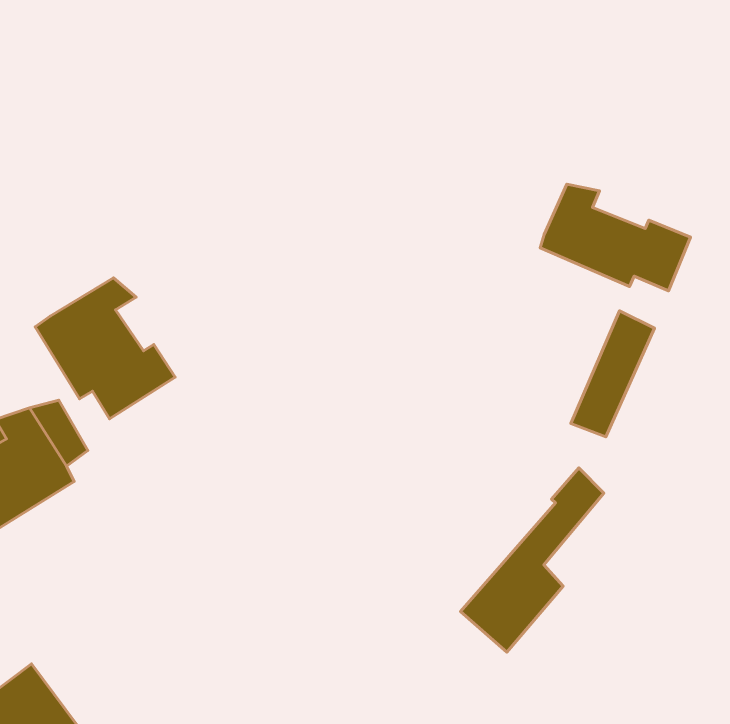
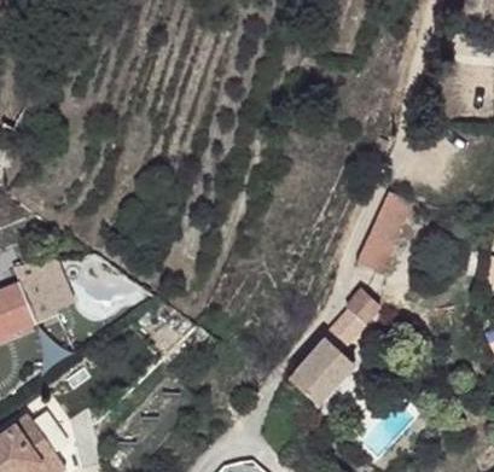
building: [540,184,690,291] -> none
building: [35,278,175,419] -> none

